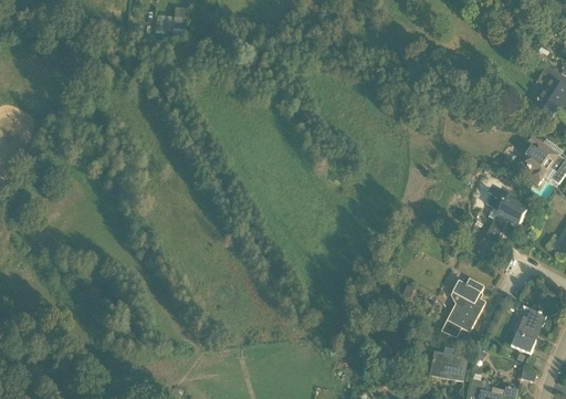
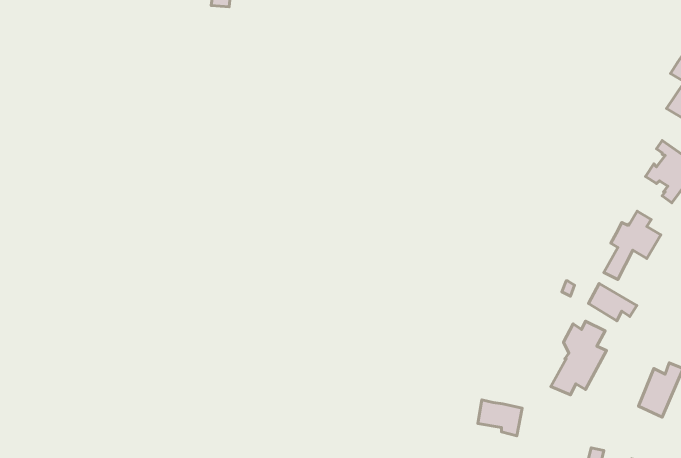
building: none -> [588,283,637,321]
building: [431,350,467,379] -> [478,400,522,436]

